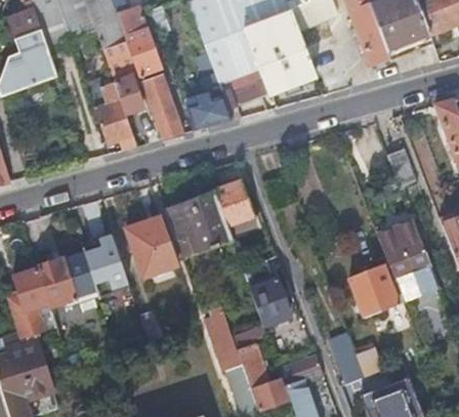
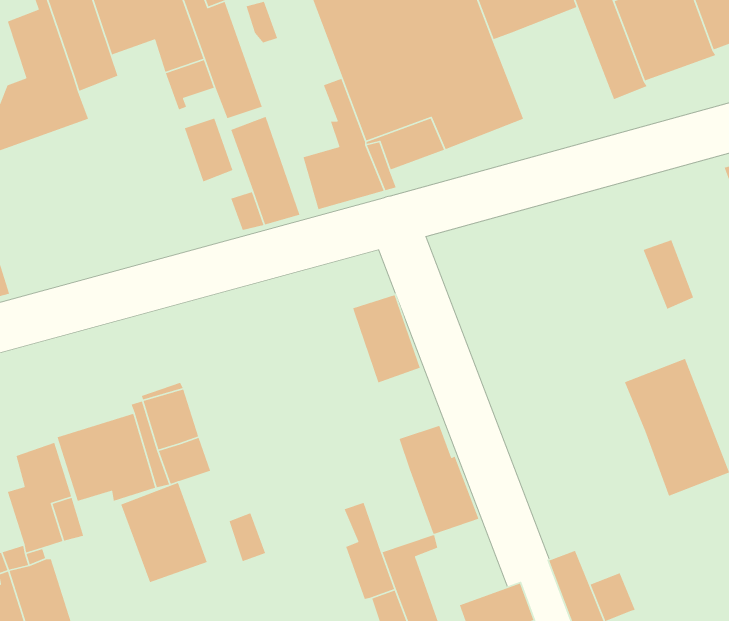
building: [94,81,133,143] -> none
building: [165,192,232,252] -> none
building: [127,215,179,276] -> [120,482,208,583]
building: [349,262,403,317] -> none

